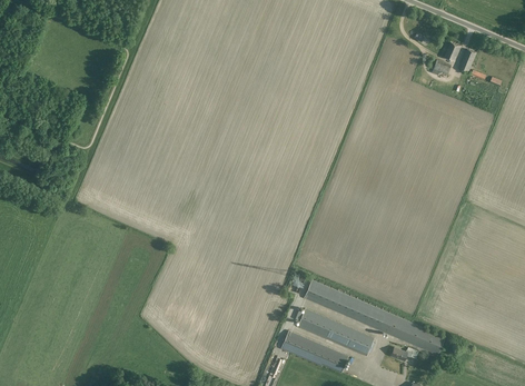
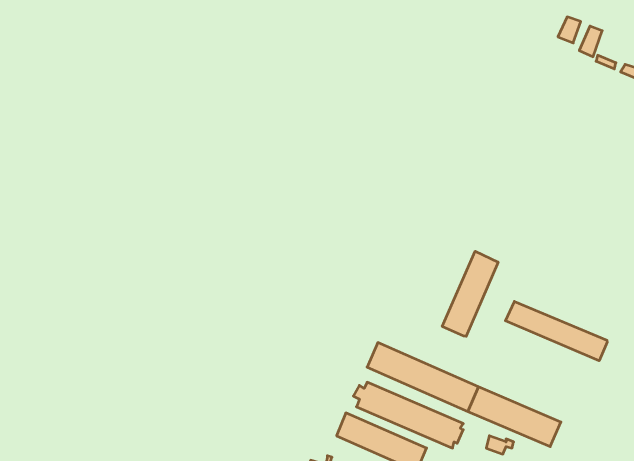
building: none -> [442,251,498,336]
building: none -> [505,301,607,361]

